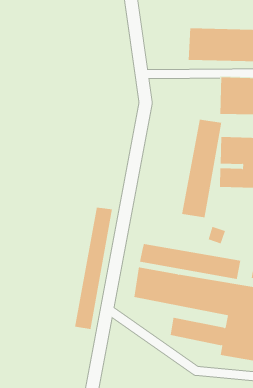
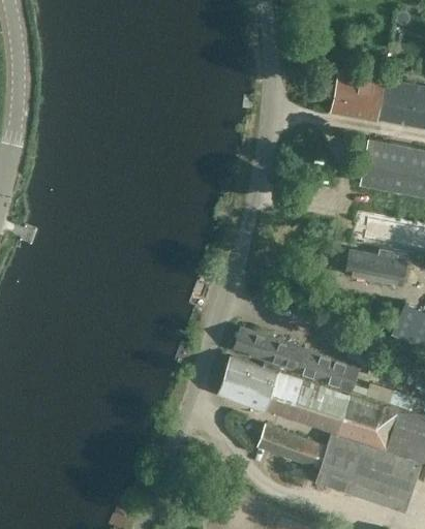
building: [182,119,222,218] -> none
building: [74,207,112,330] -> none

